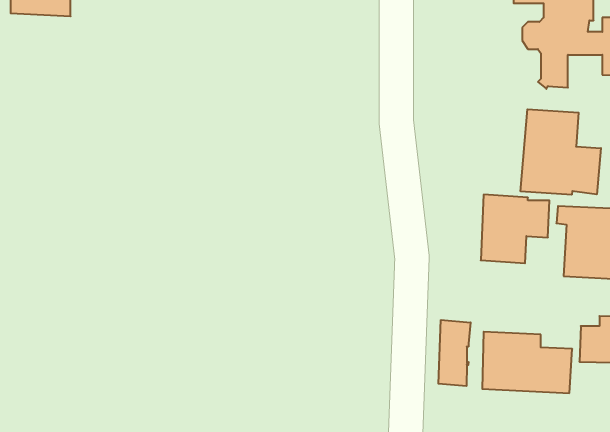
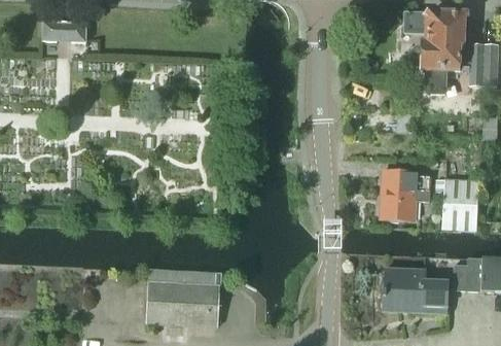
building: [521,109,601,195] -> none
building: [438,320,471,386] -> none
building: none -> [146,270,221,326]

